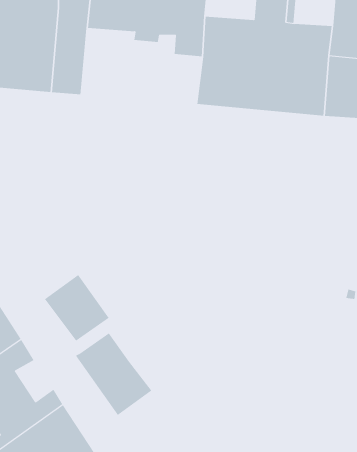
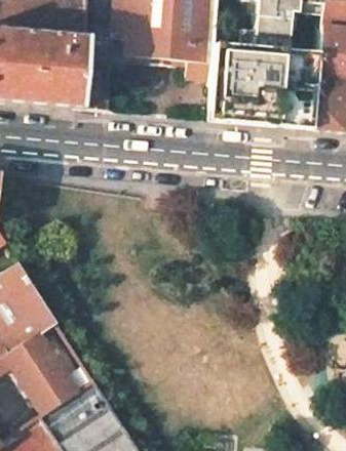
building: [44,274,110,342] -> none
building: [75,333,152,416] -> none

